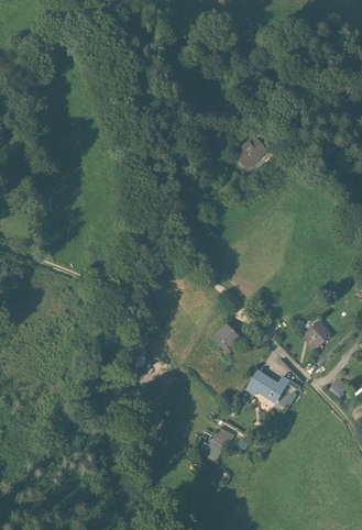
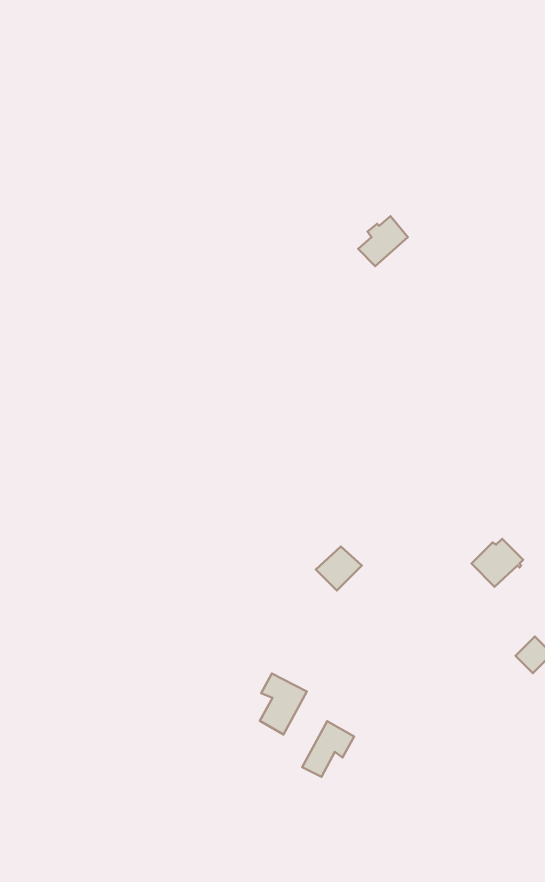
building: [245,367,288,401] -> none
building: none -> [260,673,307,734]

